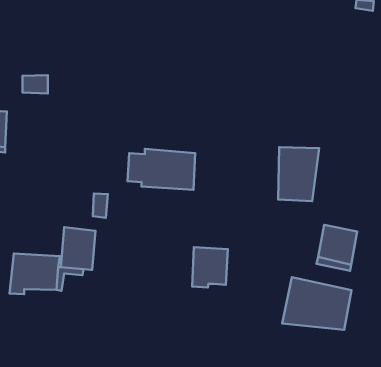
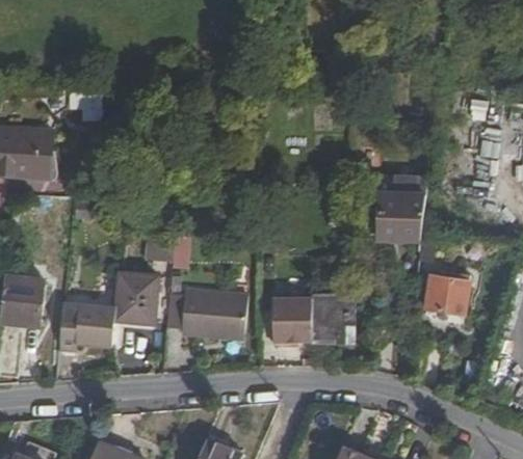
building: [127,149,195,190] -> [166,291,247,340]
building: none -> [315,294,360,344]
building: [282,277,351,330] -> none

